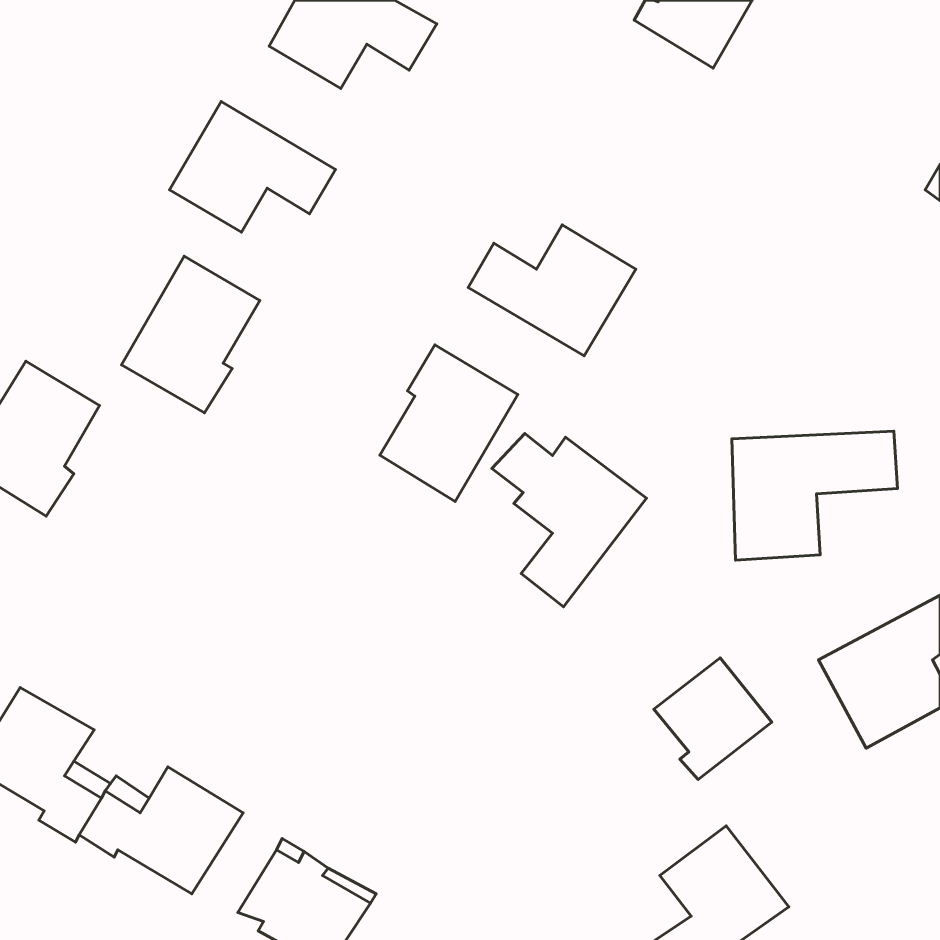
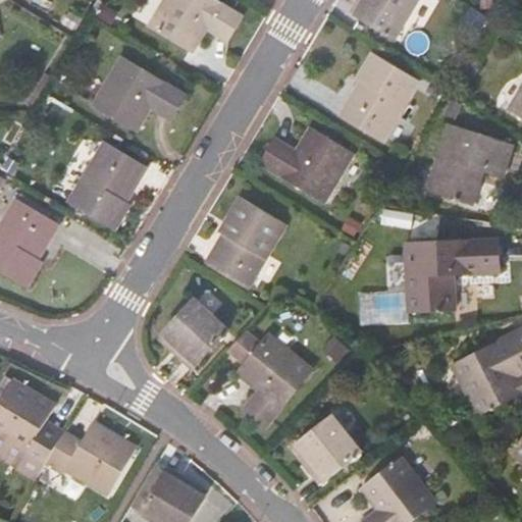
building: none -> [342,51,419,139]
building: none -> [427,122,514,202]
building: [492,434,647,607] -> [225,331,311,427]
building: none -> [162,298,226,366]
building: [654,658,772,779] -> [296,416,361,483]

